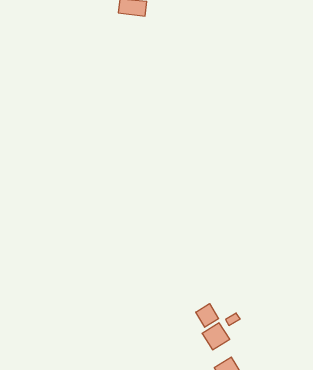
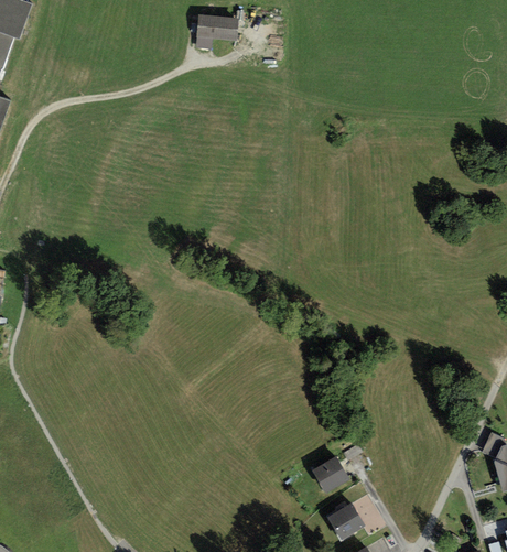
building: [196,304,219,327] -> none

